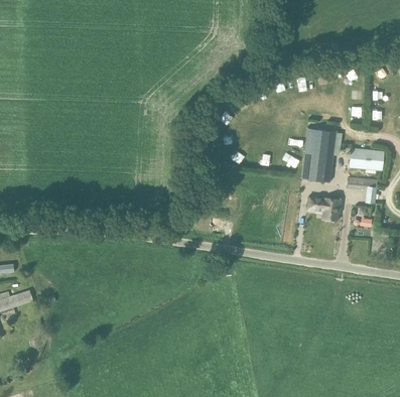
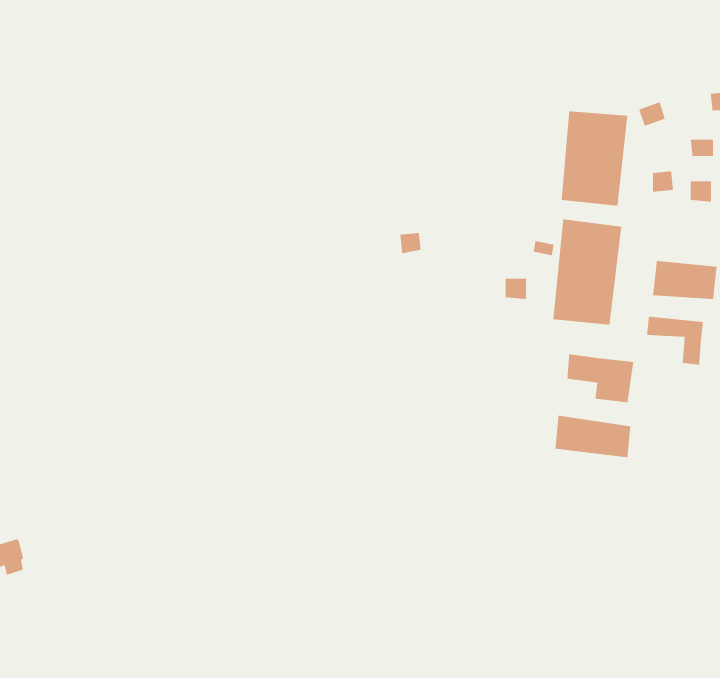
building: none -> [561,111,628,207]
building: none -> [554,415,631,458]

